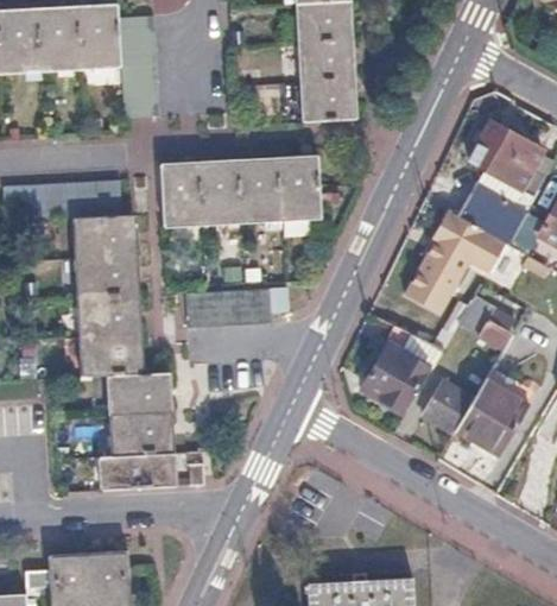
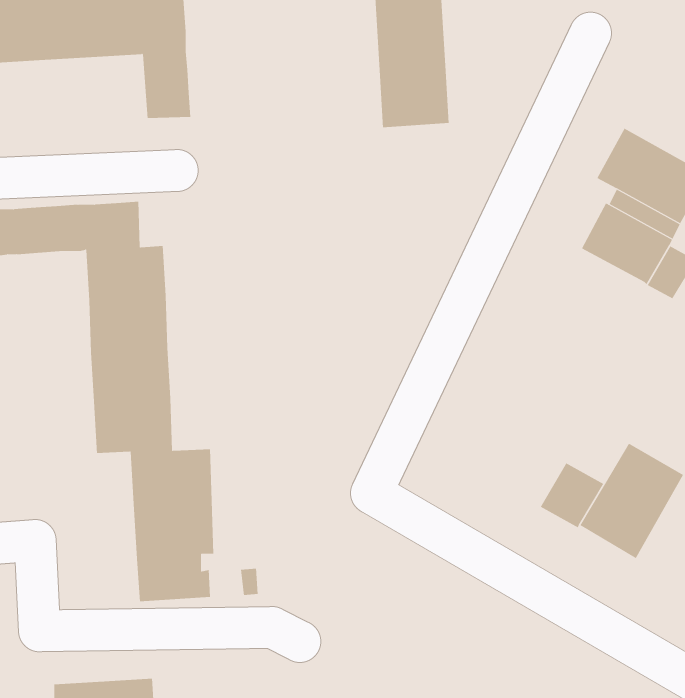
building: [159,157,321,227] -> none
building: [405,210,506,315] -> none
building: [185,290,265,327] -> none
building: [460,301,515,348] -> none
building: [362,327,447,412] -> none

